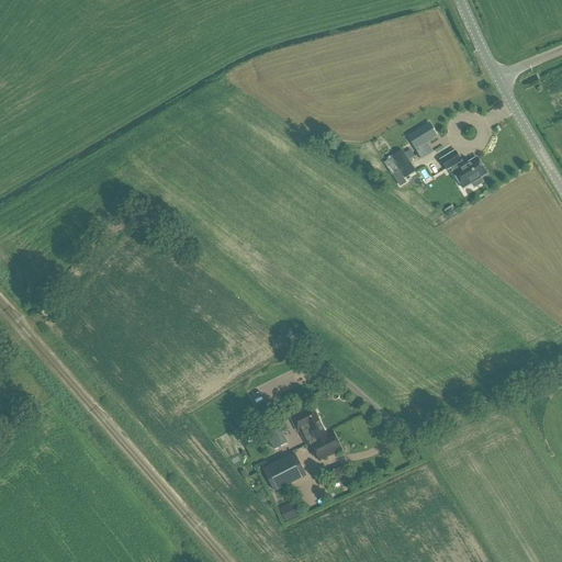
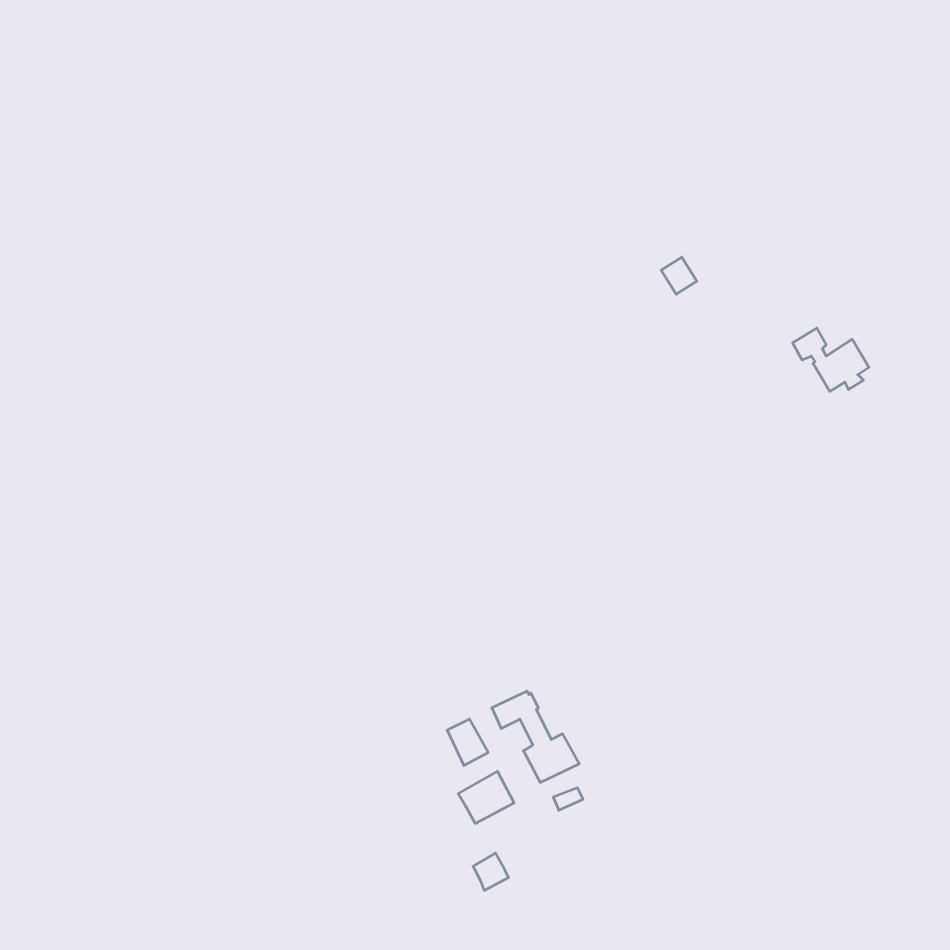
building: [409,117,437,153] -> none
building: [440,151,485,189] -> [793,328,869,391]

